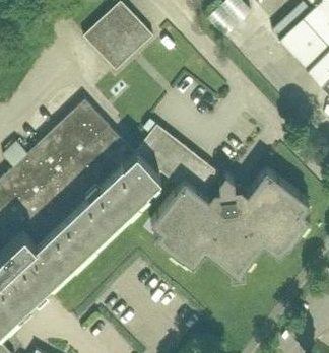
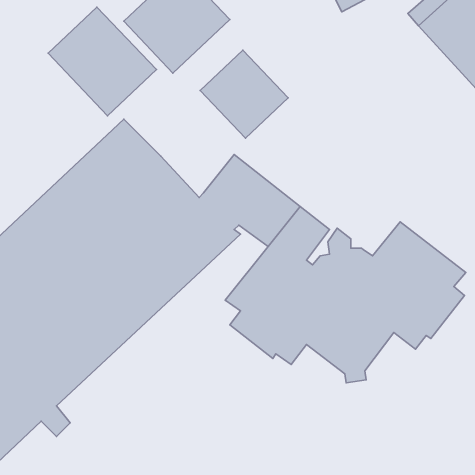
building: none -> [48,7,156,116]
building: none -> [200,50,288,138]

